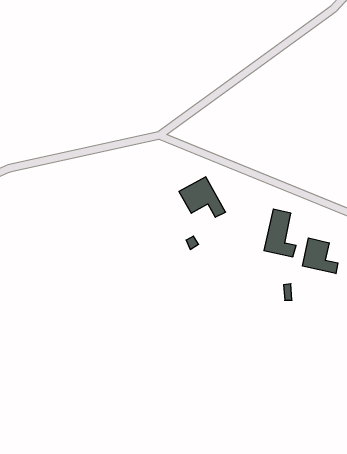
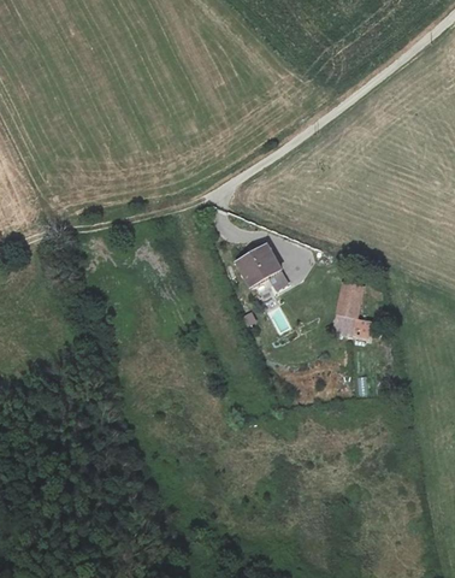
building: [303,238,338,274] -> none

